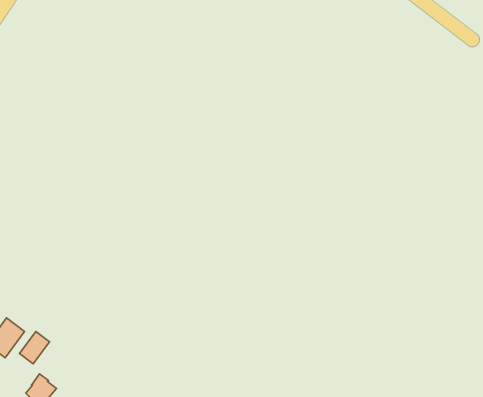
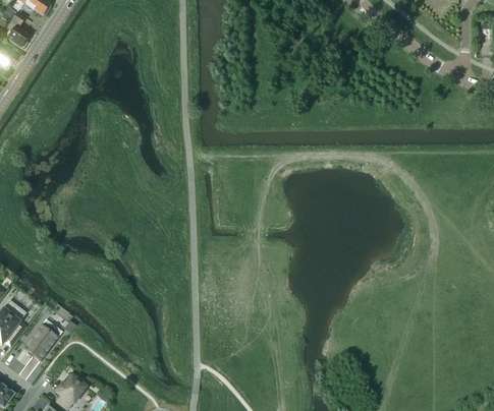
building: [19,332,50,364] -> none

